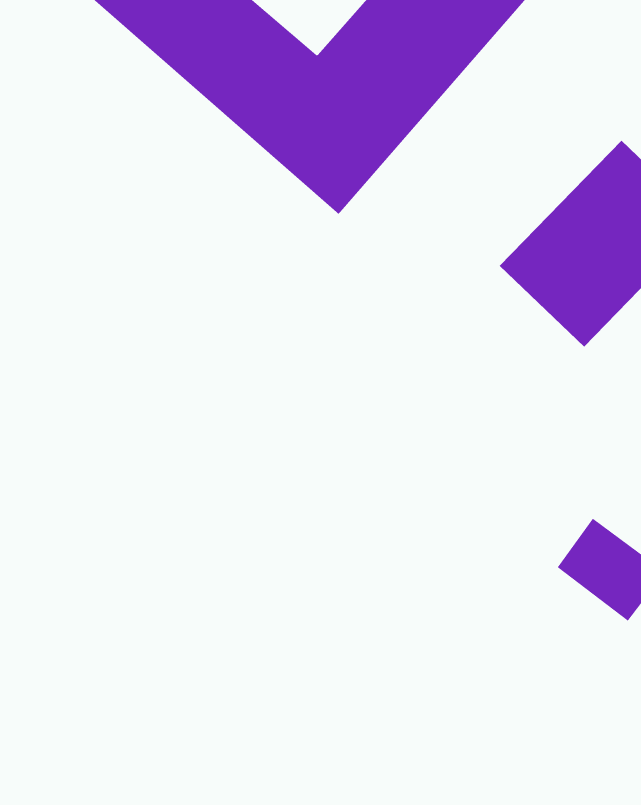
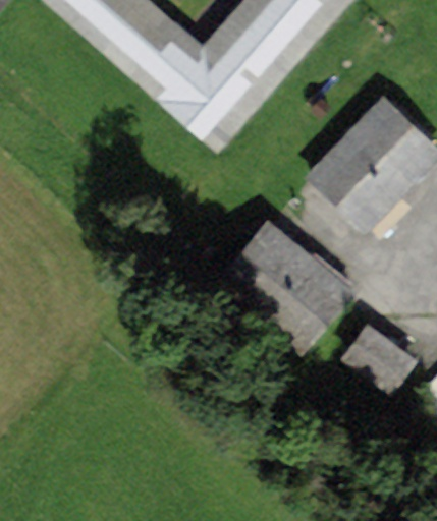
building: none -> [223,221,350,342]

